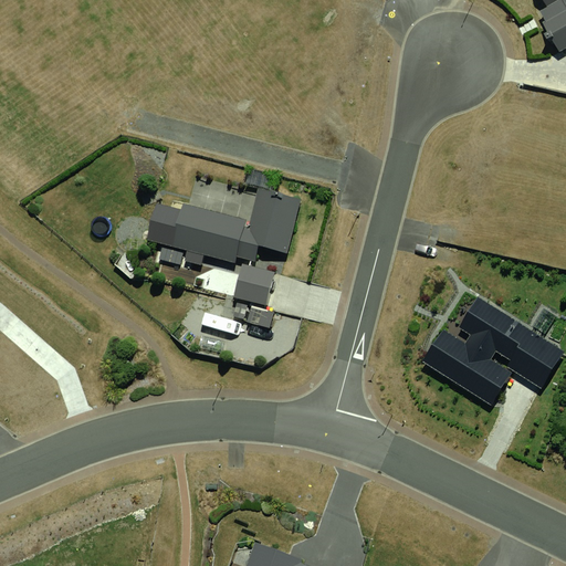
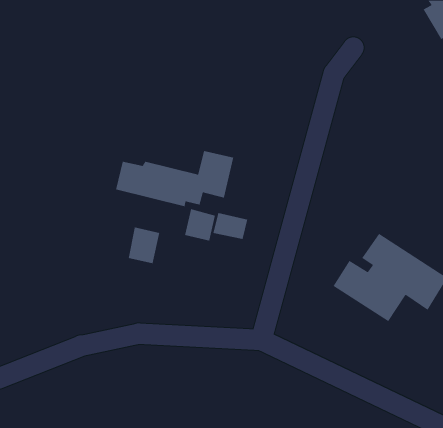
building: none -> [213,212,248,240]
building: none -> [128,226,160,264]

